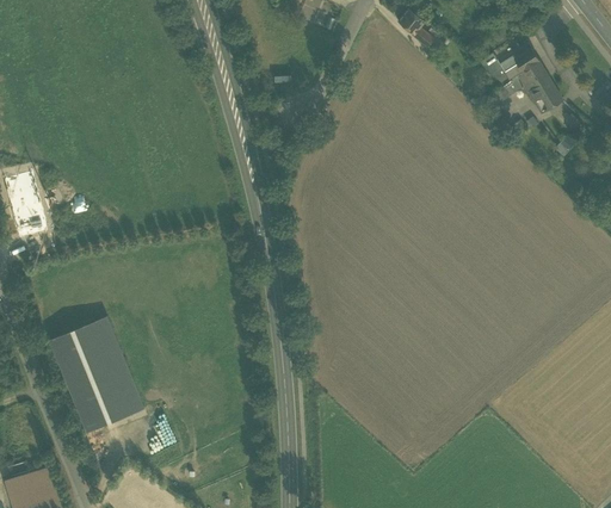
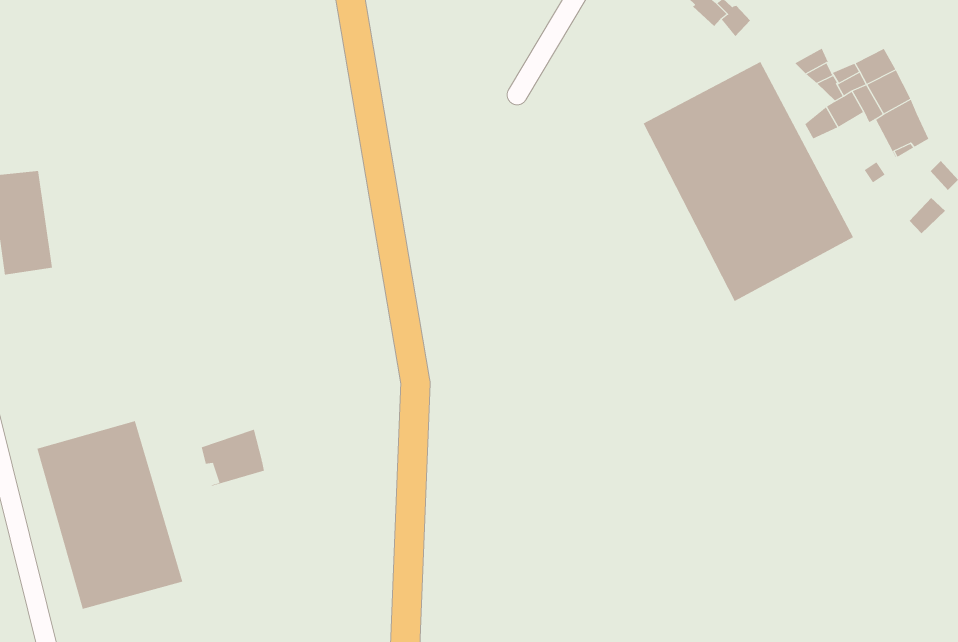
building: none -> [643,61,854,302]
building: none -> [201,429,265,486]

